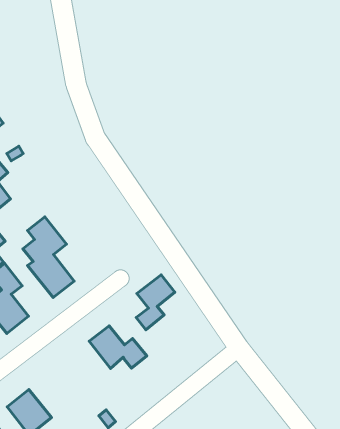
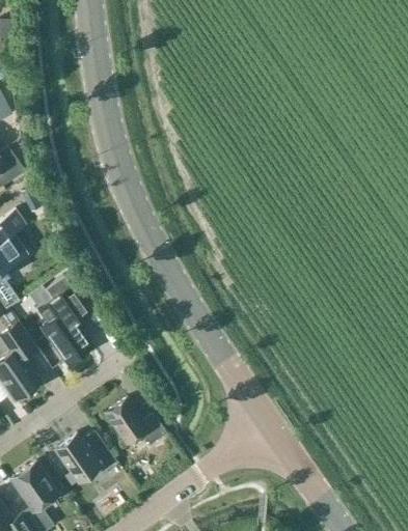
building: [136,275,175,330] -> none
building: none -> [54,431,116,483]

